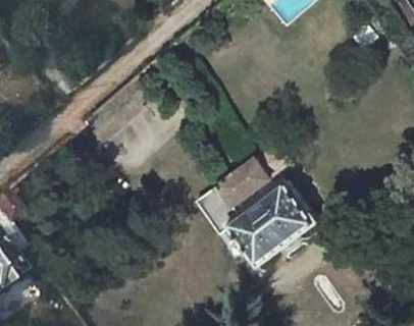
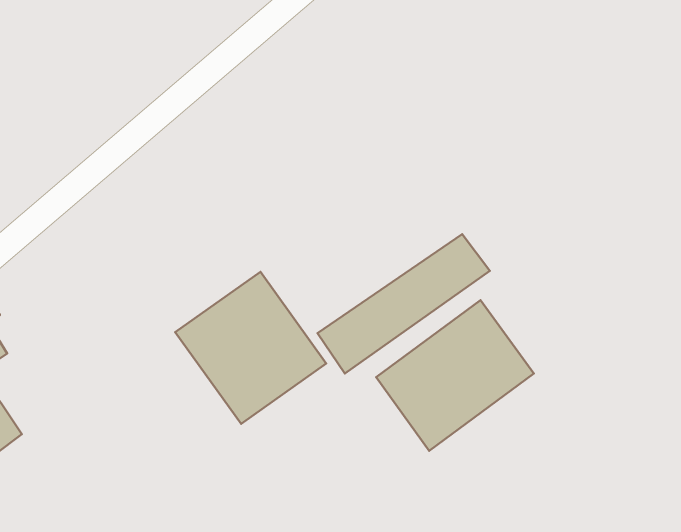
building: none -> [175,272,326,424]

